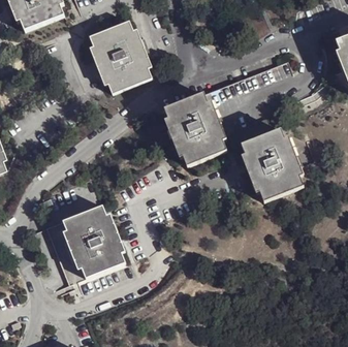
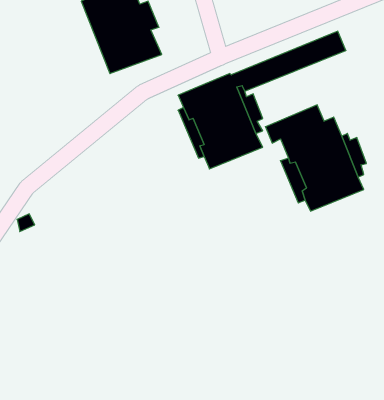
building: [49,202,125,282] -> none

